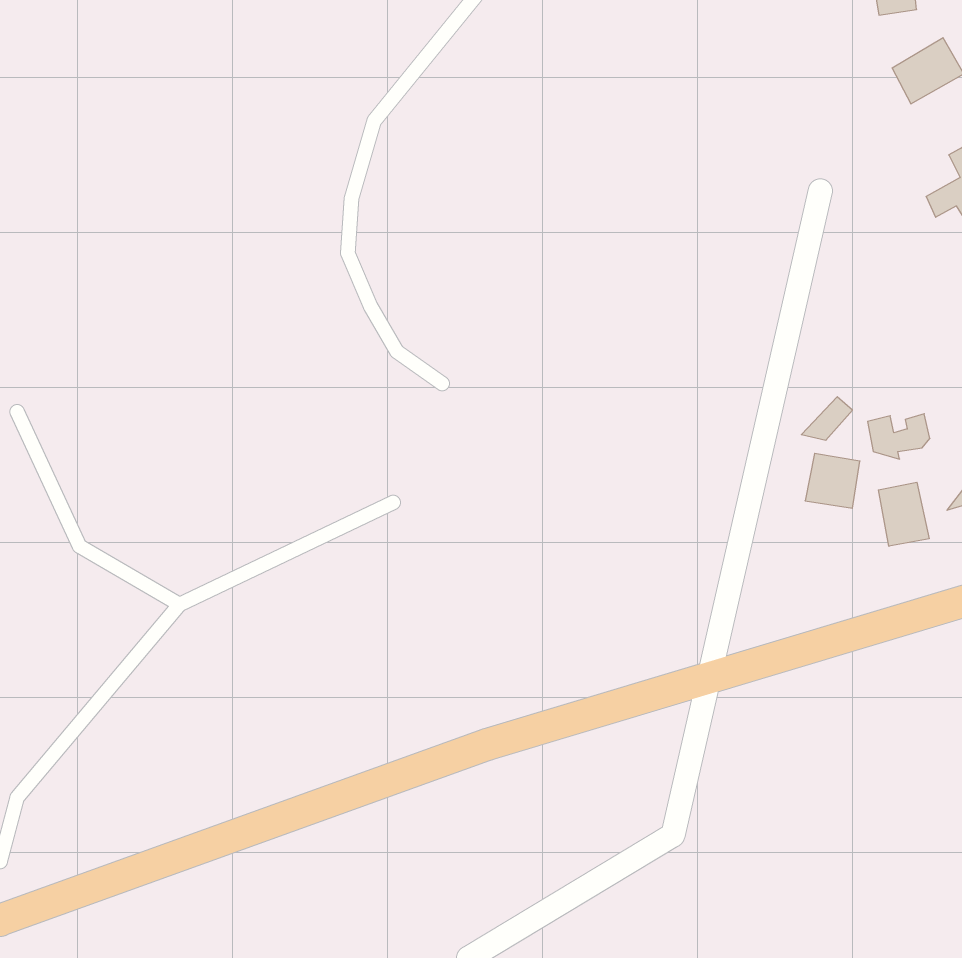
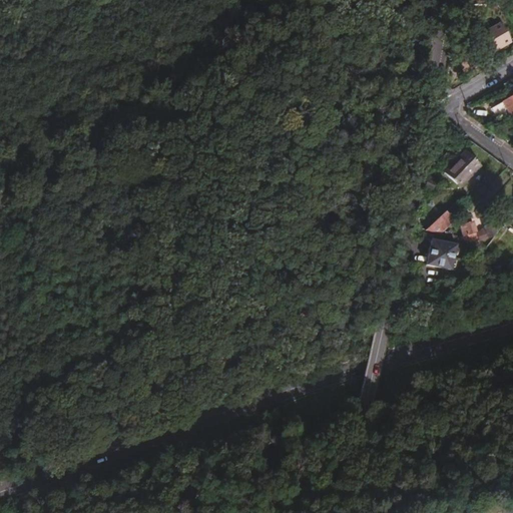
building: none -> [447,146,484,183]
building: [878,482,929,546] -> none

